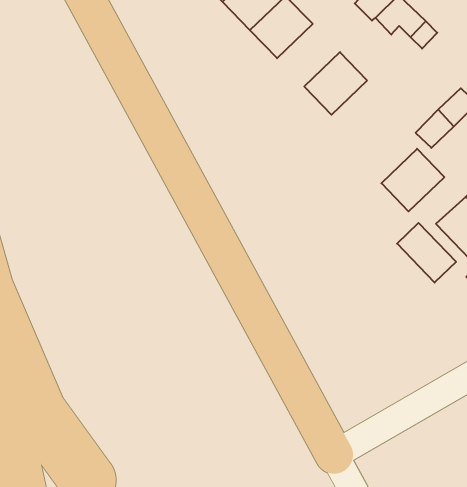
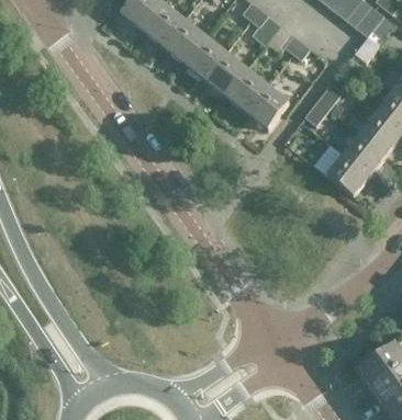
building: none -> [203,53,245,95]
building: [381,149,444,211] -> [245,86,287,128]
building: [397,223,456,283] -> none

